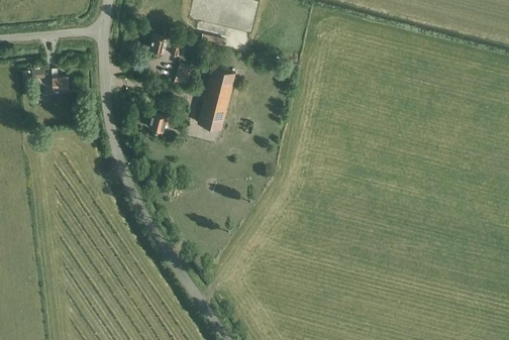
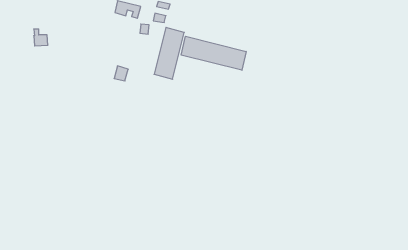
building: none -> [181,36,246,70]

